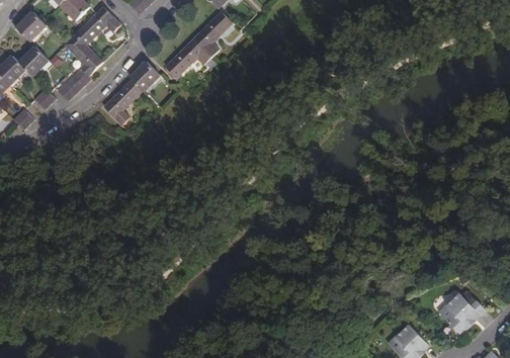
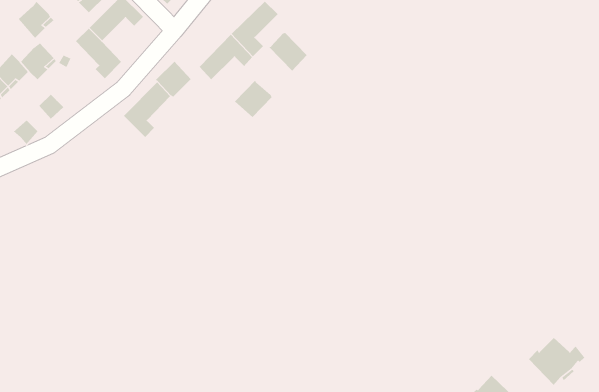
building: none -> [268,32,307,72]
building: [57,68,91,101] -> none
building: none -> [234,79,272,118]

